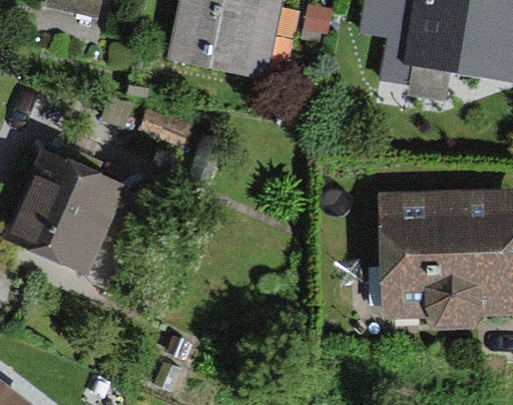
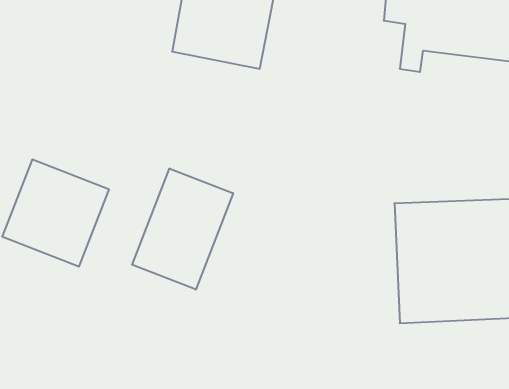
building: none -> [132,168,233,290]

